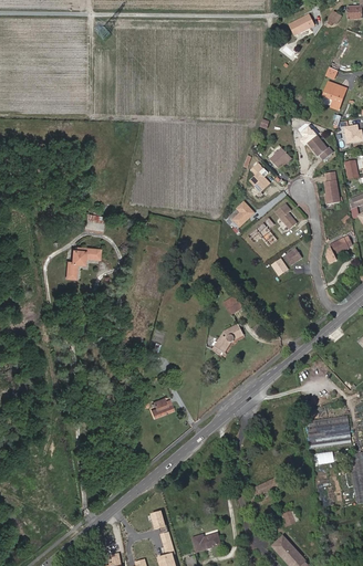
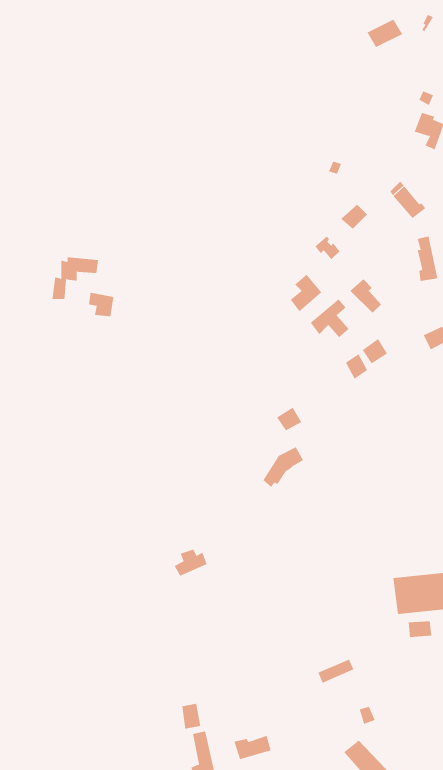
building: [66,247,101,277] -> [51,257,99,300]

